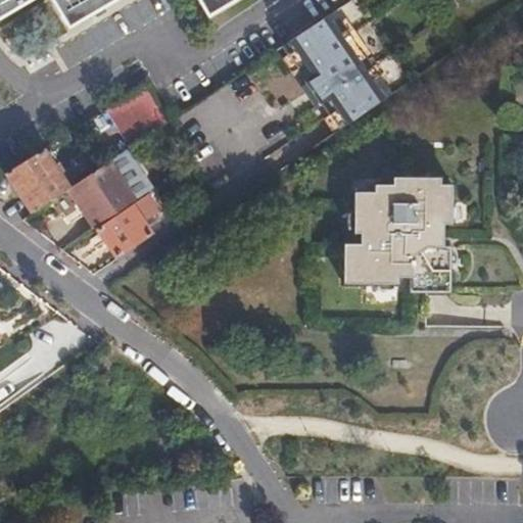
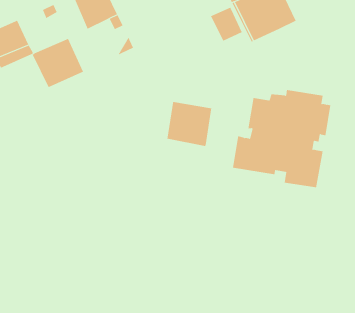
building: none -> [210,7,243,41]
building: [104,191,172,251] -> none
building: none -> [167,101,212,147]

